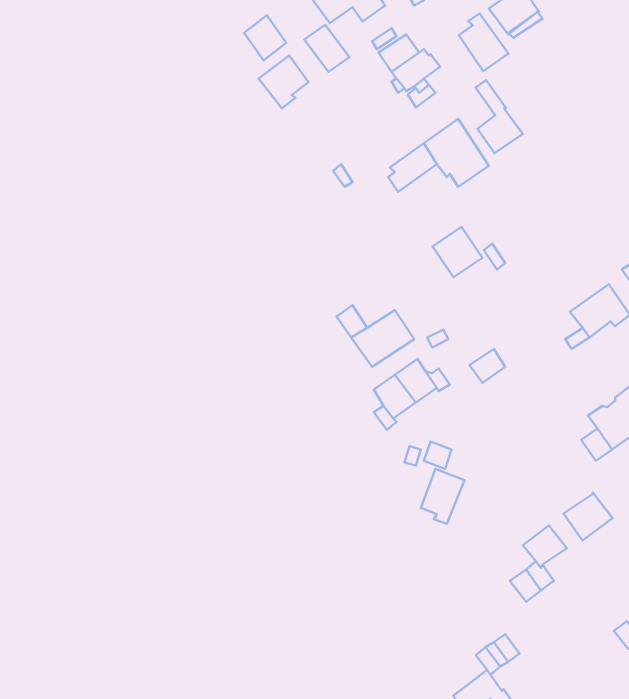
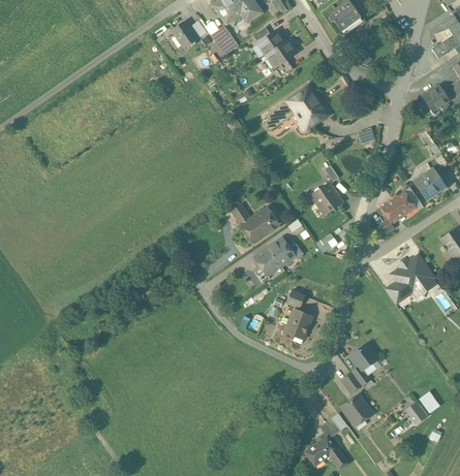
building: [459,13,508,71] -> none
building: [258,55,309,108] -> none
building: [476,80,523,153] -> none
building: [432,227,483,277] -> [310,182,342,214]
building: [563,493,613,541] -> none
building: none -> [341,394,371,425]

